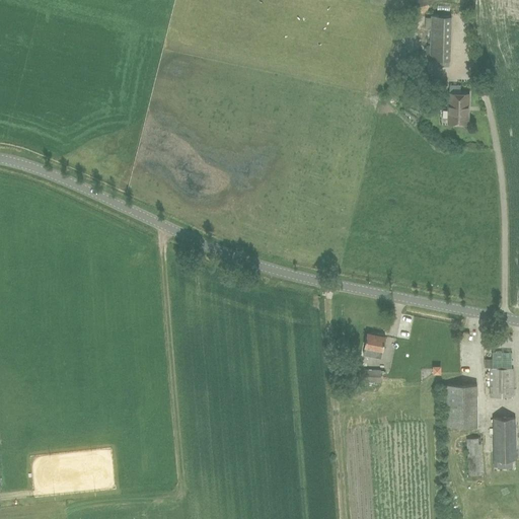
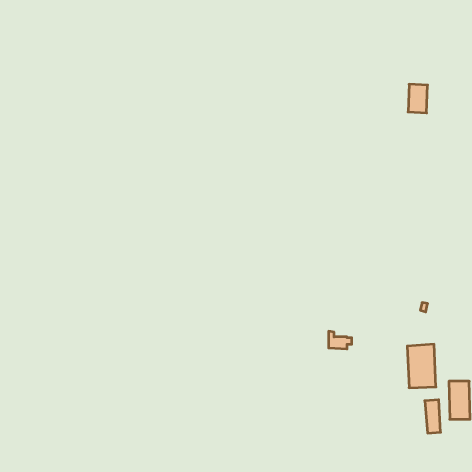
building: [424,17,450,61] -> none
building: [362,333,384,359] -> none
building: [485,369,512,397] -> none

